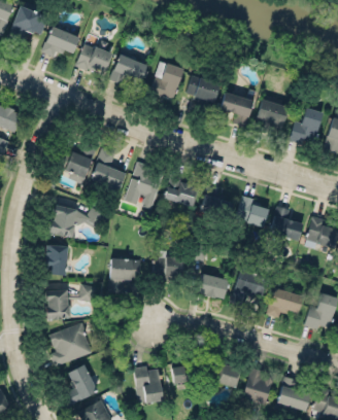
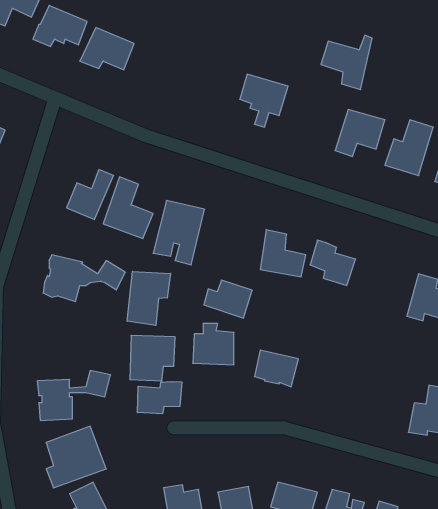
building: [110,55,147,84] -> none
building: [149,63,183,100] -> none
building: [219,90,256,128] -> [321,35,372,90]
building: [164,181,198,208] -> [204,280,252,318]
building: [269,204,303,240] -> none
building: none -> [127,271,171,325]
building: [45,246,67,276] -> none
building: [229,266,267,305] -> none
building: [268,289,302,318] -> none
building: none -> [137,382,182,414]

